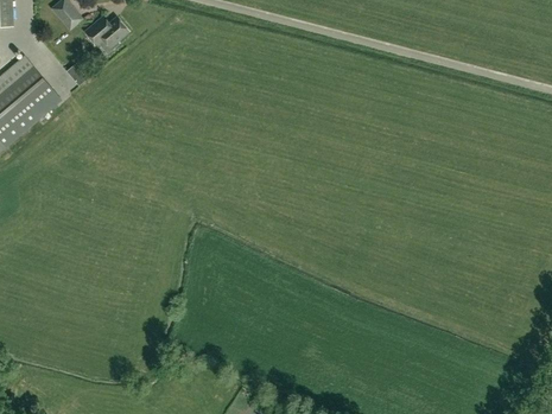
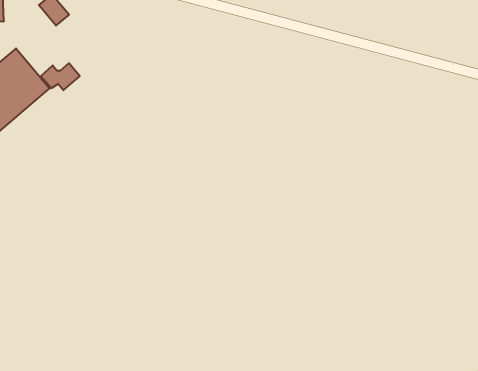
building: [85,17,128,46] -> [41,63,80,90]

